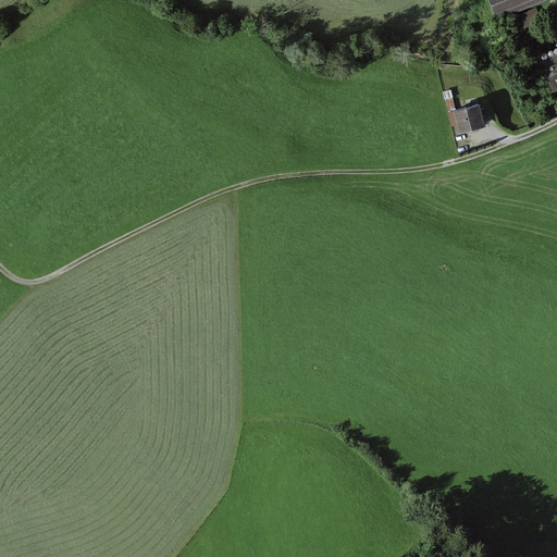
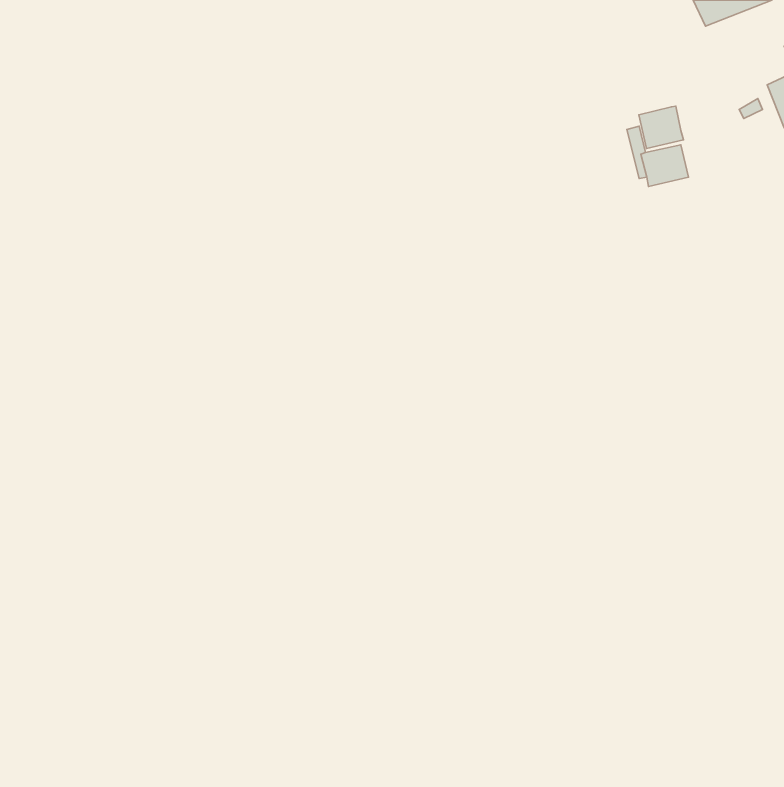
building: none -> [639,106,684,149]

